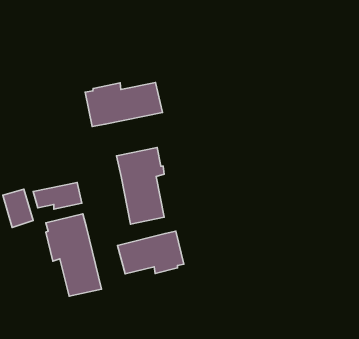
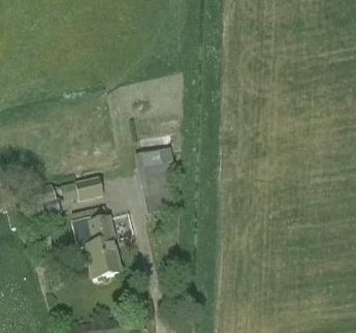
building: [85,83,163,127] -> none
building: [117,231,184,274] -> none

